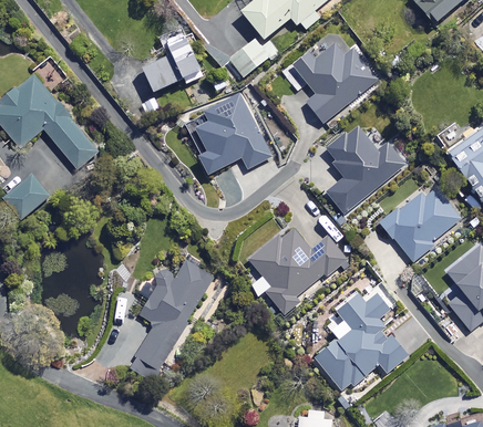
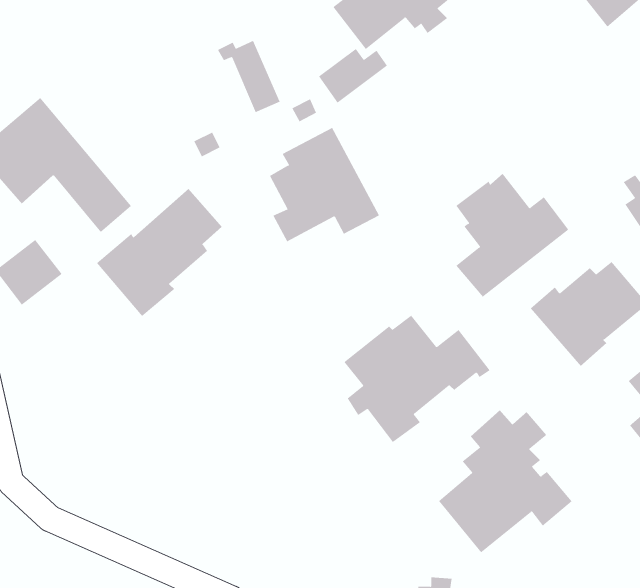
building: [292,43,379,122] -> none
building: [142,54,178,91] -> none
building: none -> [96,188,222,317]
building: [130,258,214,379] -> none

